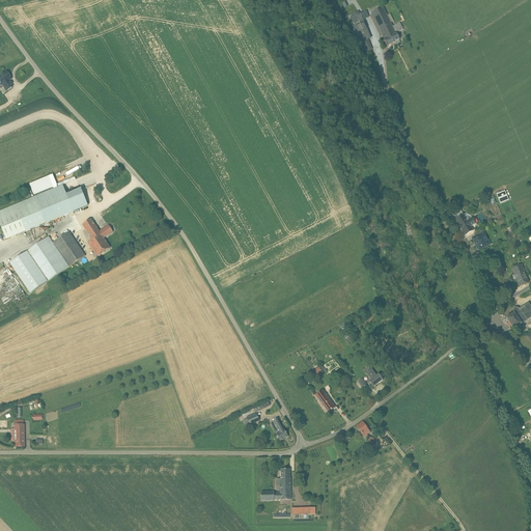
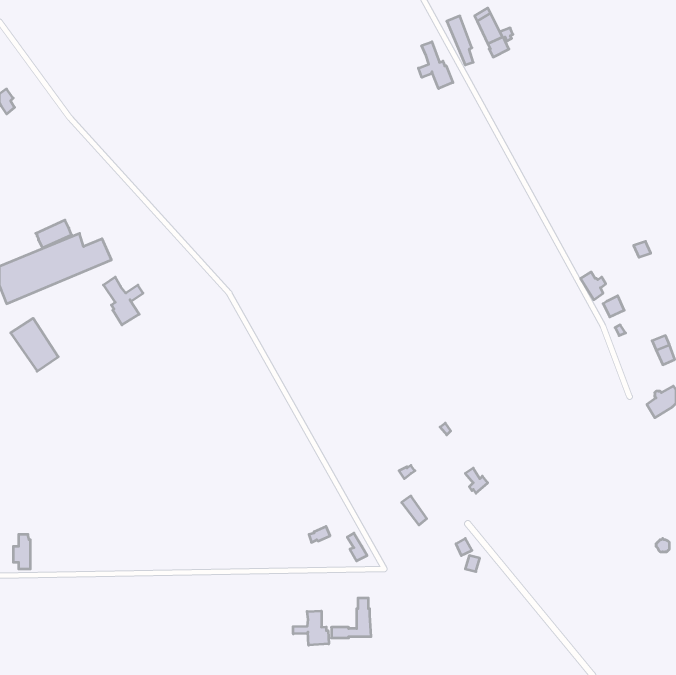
building: none -> [418,42,453,89]
building: [27,229,84,279] -> none
building: none -> [293,611,329,645]

